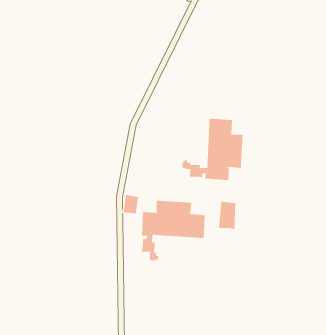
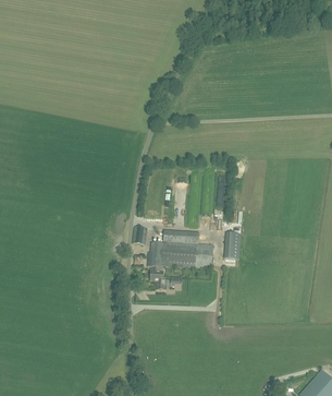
building: [182,118,243,181] -> none

